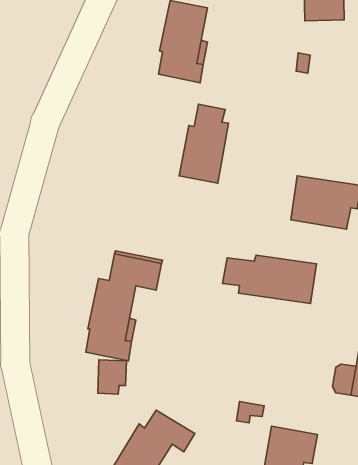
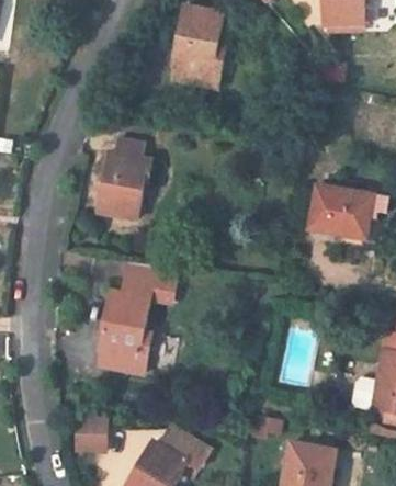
building: [179,104,228,183] -> [98,139,148,221]
building: [223,255,317,304] -> none
building: [98,360,127,394] -> [76,416,105,451]

